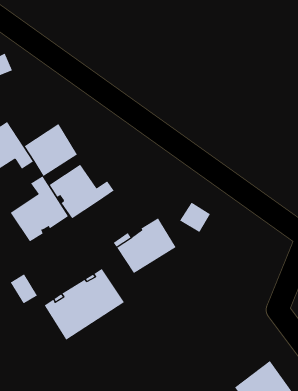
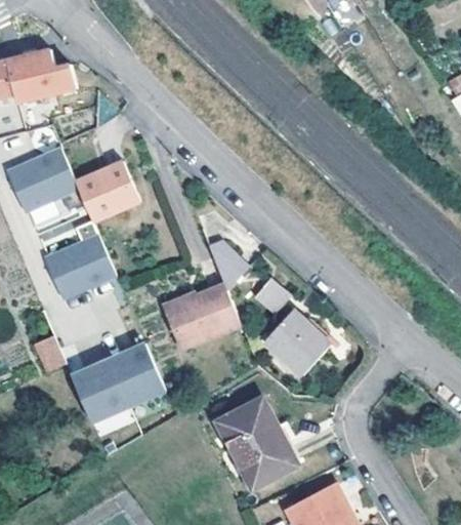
building: [49,164,115,219] -> none
building: none -> [209,245,248,295]
building: none -> [263,310,329,375]
building: none -> [220,397,297,488]

